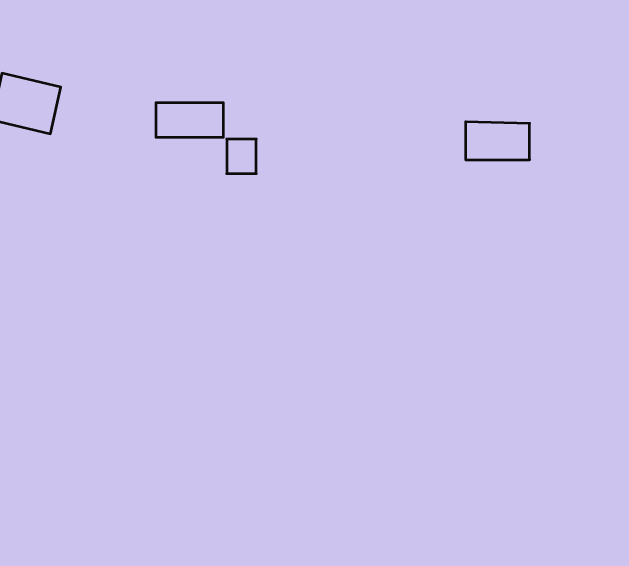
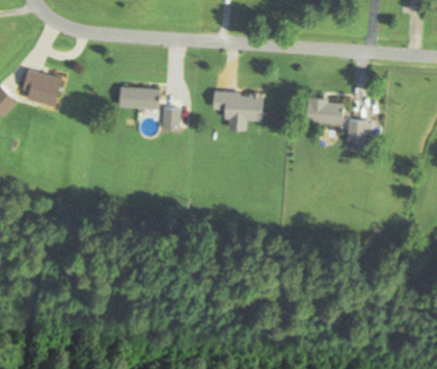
building: none -> [211,90,264,130]
building: none -> [347,120,365,142]

